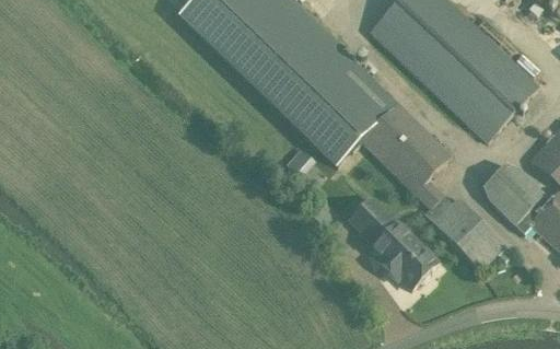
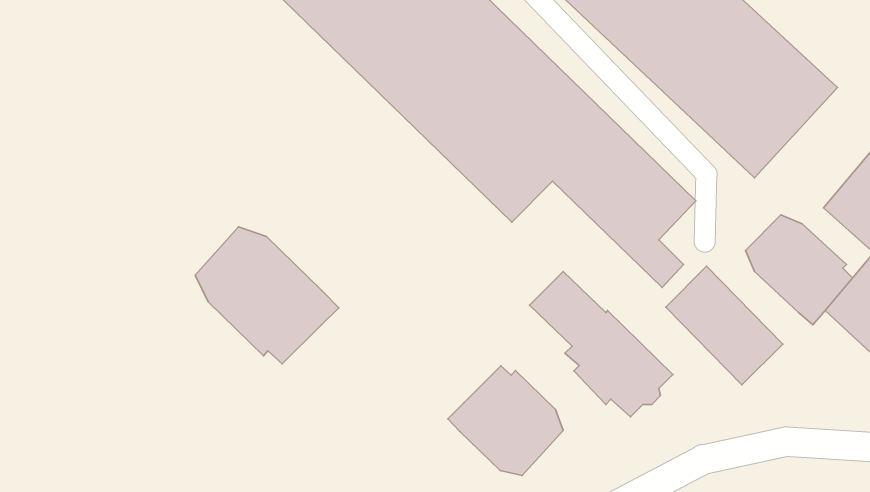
building: none -> [195,227,339,364]
building: none -> [448,366,563,476]

